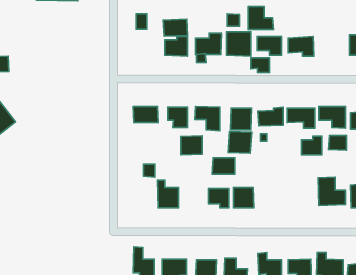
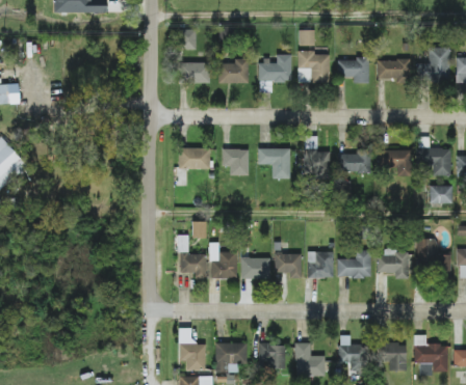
building: [248,7,274,30] -> none
building: [163,19,188,36] -> [178,61,209,83]
building: none -> [416,47,449,83]
building: [251,58,270,72] -> none
building: [228,131,252,153] -> none
building: [181,136,202,155] -> none
building: [301,136,322,155] -> none
building: [212,158,235,174] -> [240,257,269,278]
building: none -> [178,235,206,276]
building: none -> [336,249,370,277]
building: none -> [377,250,408,278]

